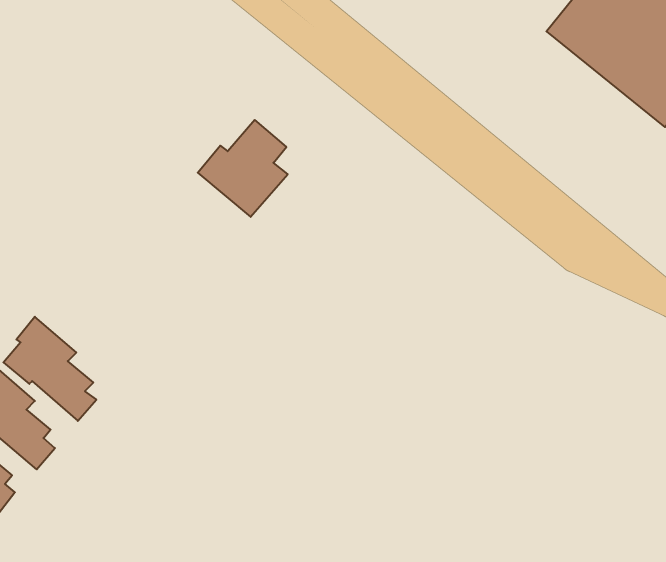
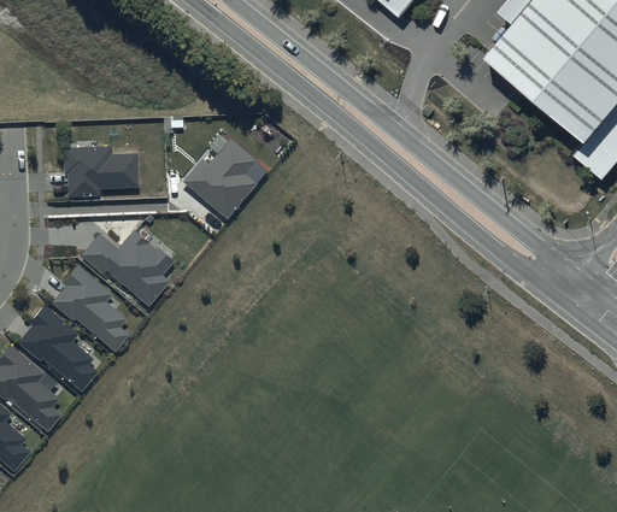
building: none -> [63,146,139,196]
building: none -> [81,230,175,306]
building: none -> [52,265,130,352]

